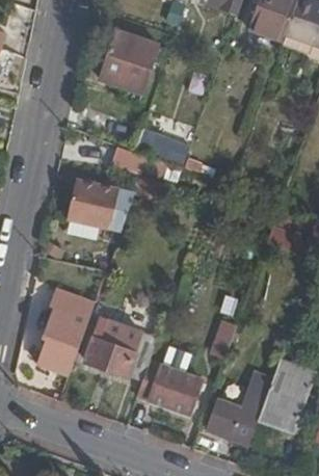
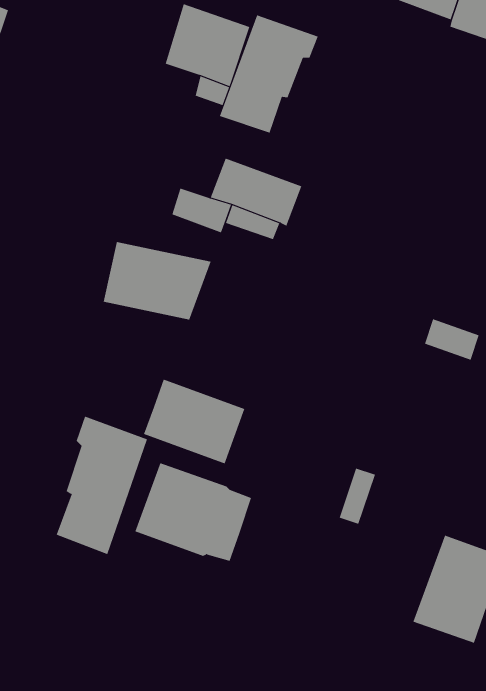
building: none -> [219,15,318,134]
building: [138,360,202,413] -> [143,379,245,464]
building: [207,389,265,443] -> none

